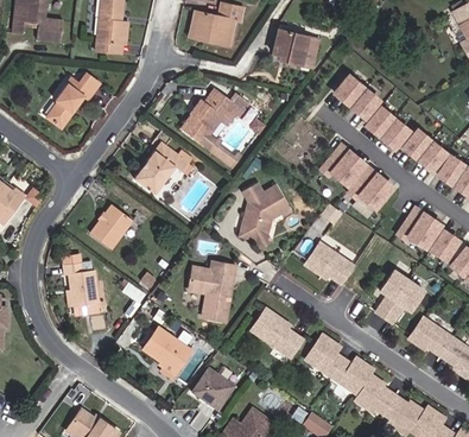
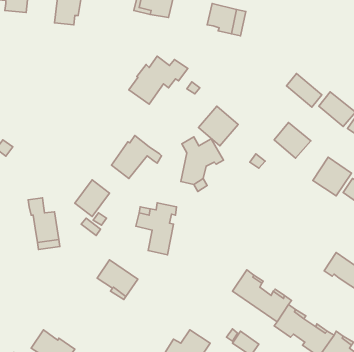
building: [47,74,100,127] -> none
building: [335,75,380,116] -> none
building: [133,142,191,192] -> [112,136,161,178]
building: [319,144,366,190] -> [199,106,238,146]
building: [91,204,132,247] -> [75,180,109,216]
building: [306,242,355,284] -> none
building: [376,271,425,323] -> none
building: [251,310,303,359] -> none
building: [192,367,236,408] -> none

